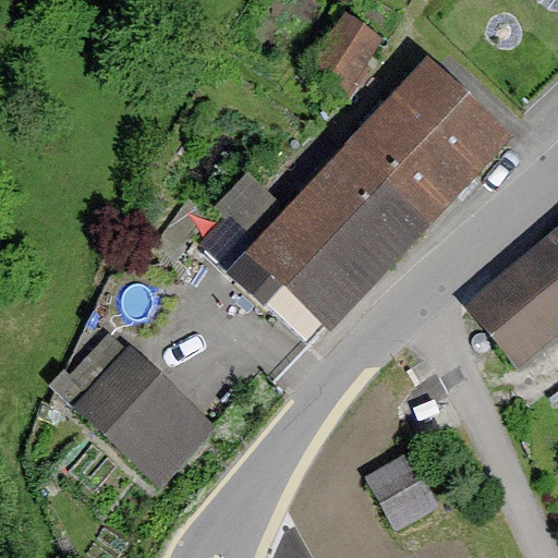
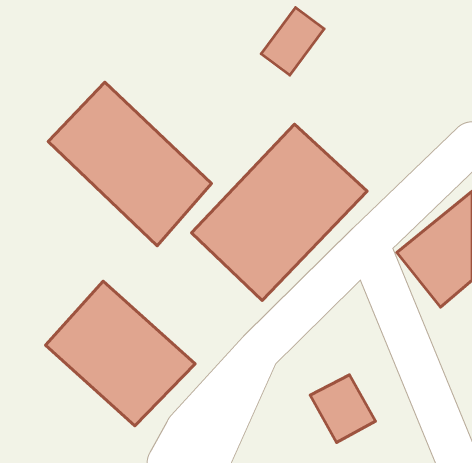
building: [345,57,515,225] -> none
building: none -> [48,82,212,246]

